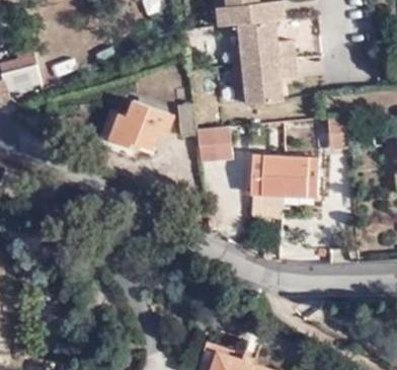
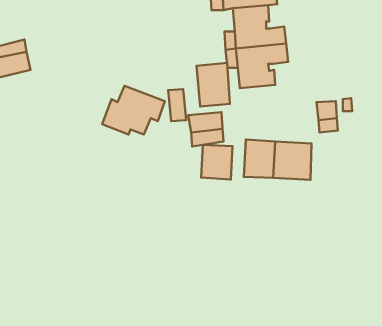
building: none -> [196,63,230,106]
building: none -> [201,145,233,180]

